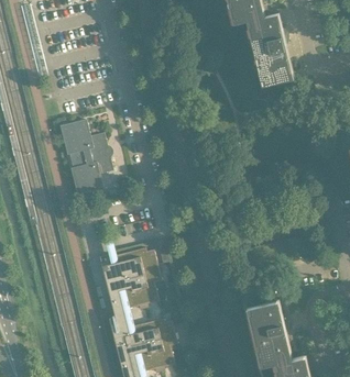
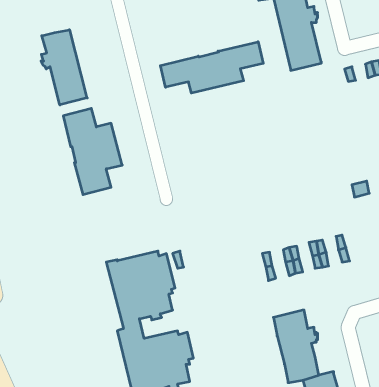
building: none -> [41,30,87,105]
building: none -> [160,42,263,93]

